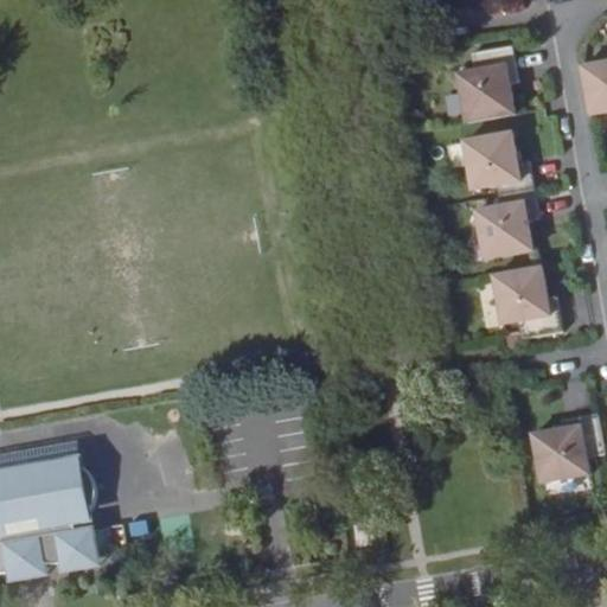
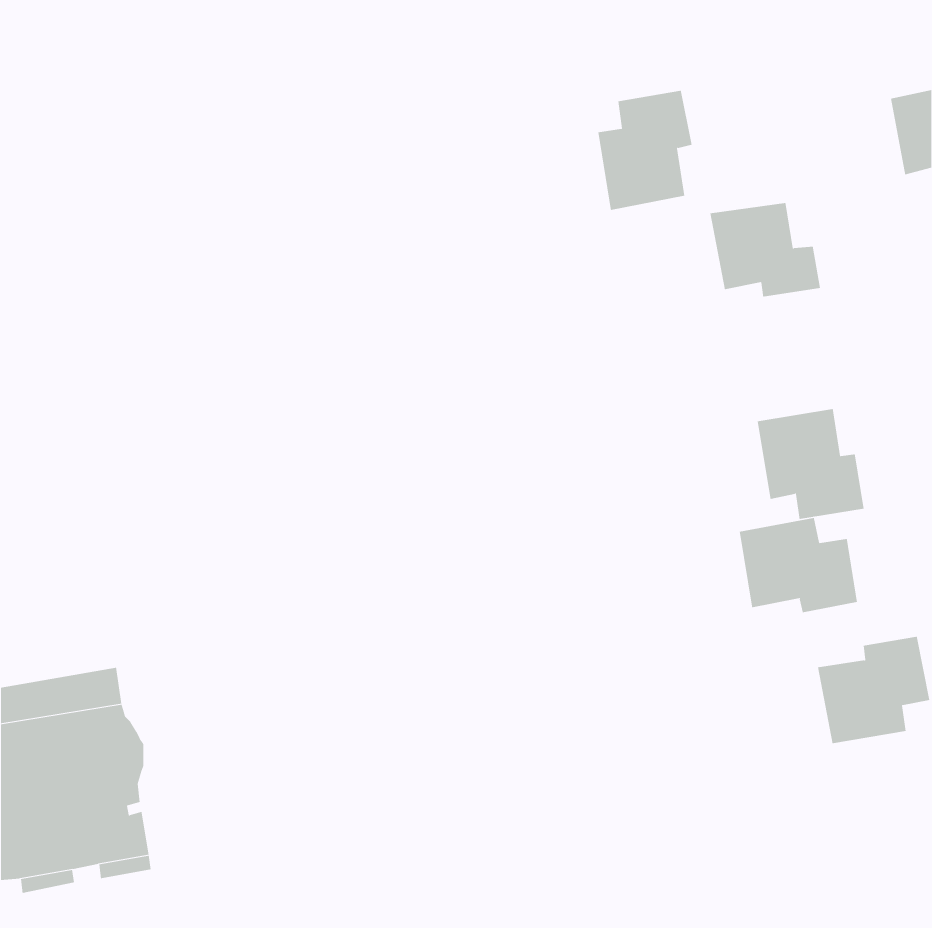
building: [456,44,518,122] -> [598,90,692,210]
building: [474,187,538,258] -> none
building: none -> [739,517,857,613]

